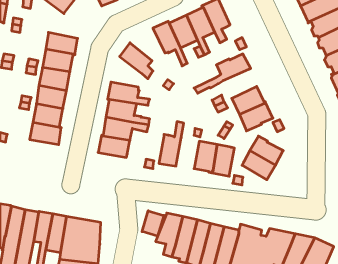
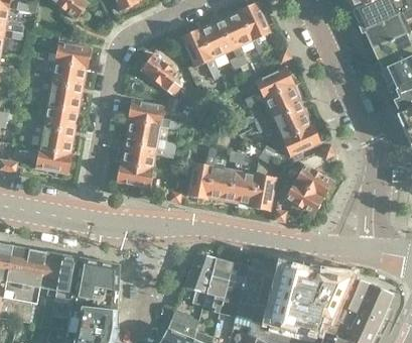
building: none -> [263,84,302,118]
building: none -> [208,164,235,201]
building: [142,211,164,236] -> none

